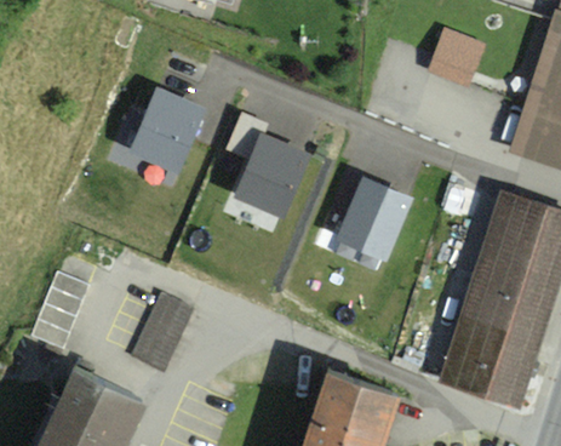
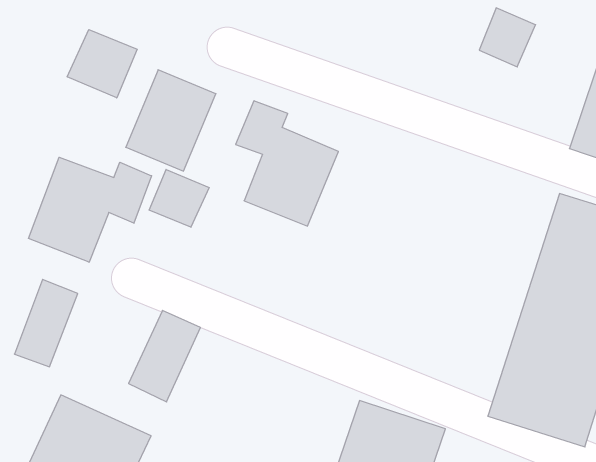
building: none -> [67,30,137,98]
building: none -> [28,157,152,262]
building: none -> [149,169,209,227]
building: [334,175,416,264] -> none

